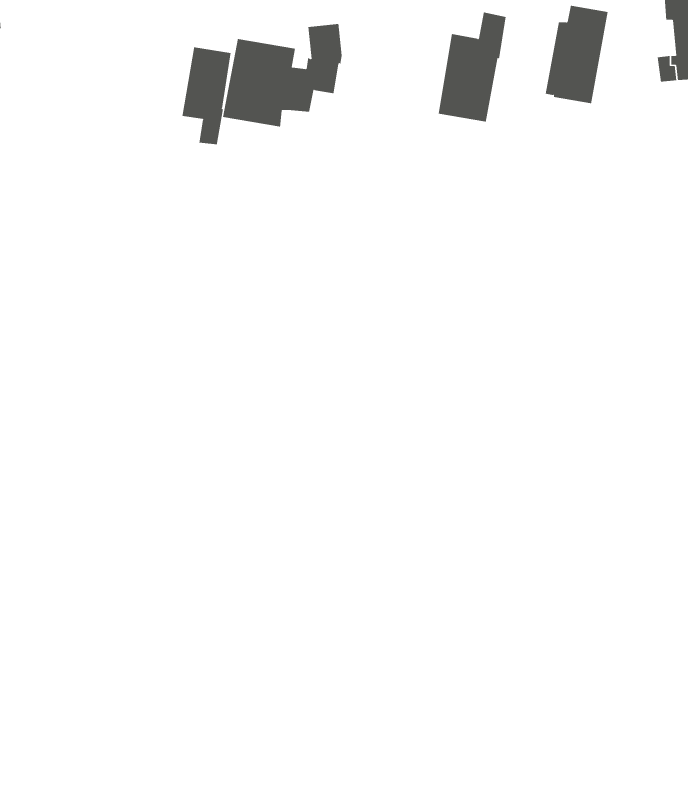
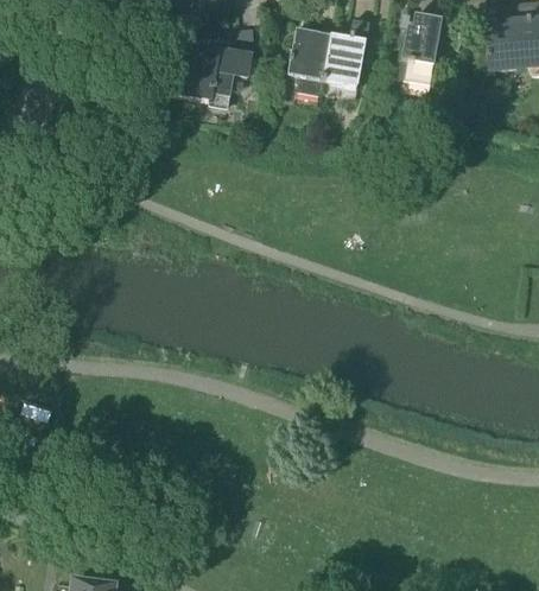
building: none -> [288,27,331,94]
building: [182,46,231,145] -> none

